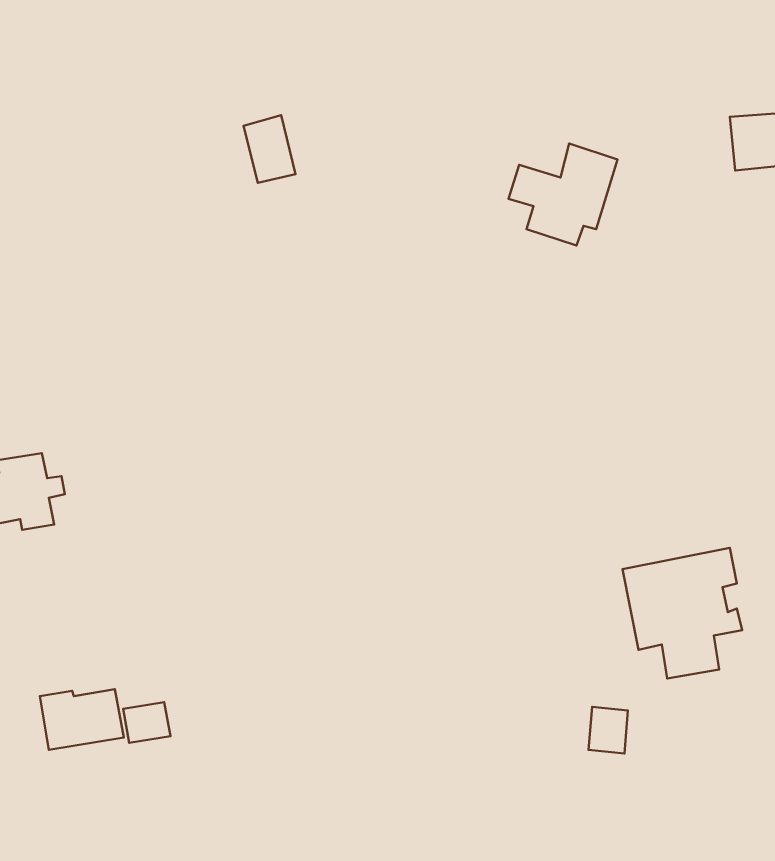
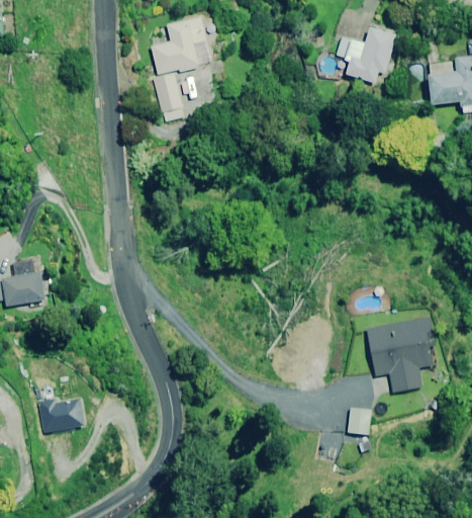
building: none -> [150,16,212,73]
building: [509,143,618,245] -> [336,24,397,82]
building: [123,702,170,743] -> none

